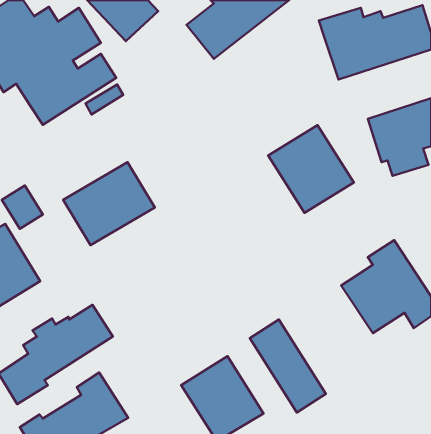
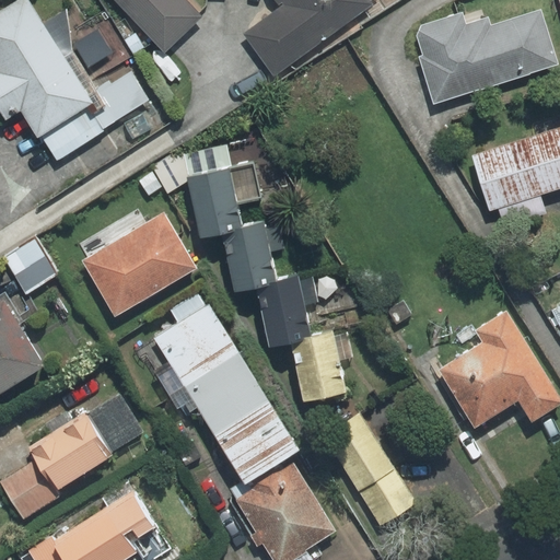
building: [268,125,354,213] -> none
building: none -> [186,167,352,402]
building: none -> [152,304,303,482]

